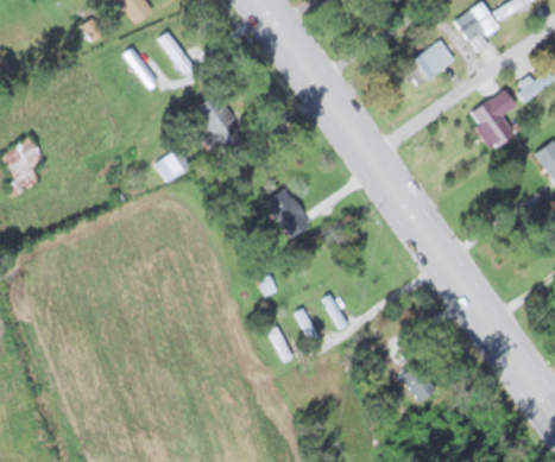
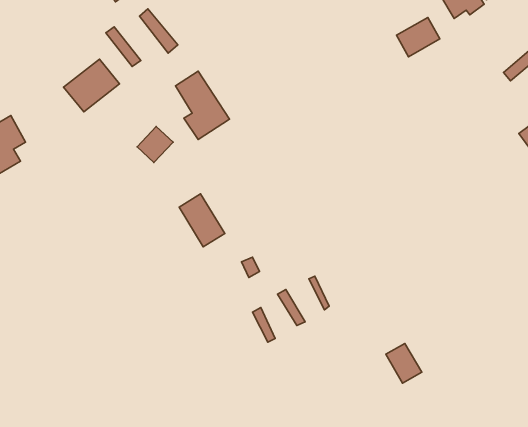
building: none -> [64,59,120,112]
building: [468,90,515,150] -> none
building: [264,188,309,240] -> [179,194,225,247]

